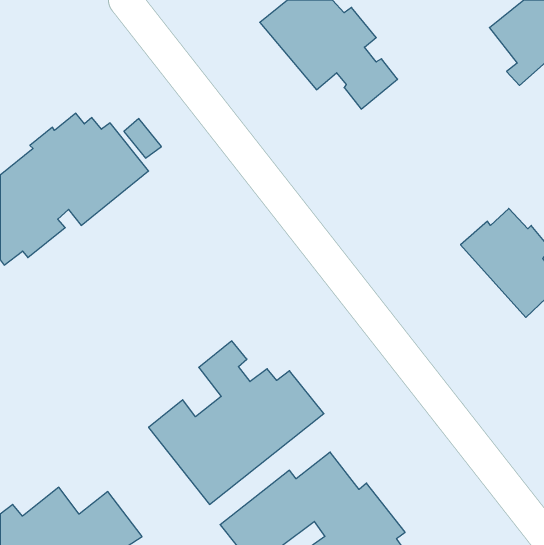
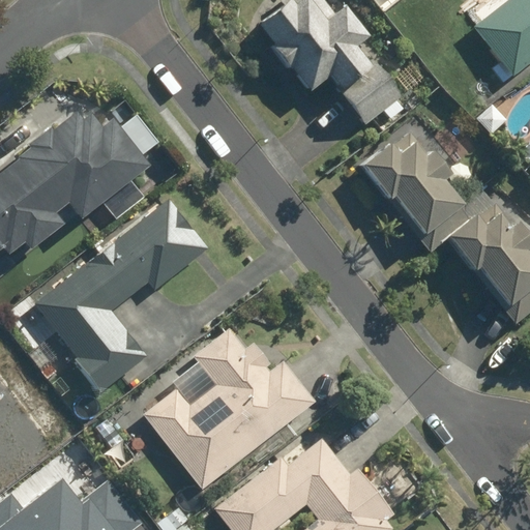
building: none -> [362,131,462,236]
building: none -> [33,200,207,391]

